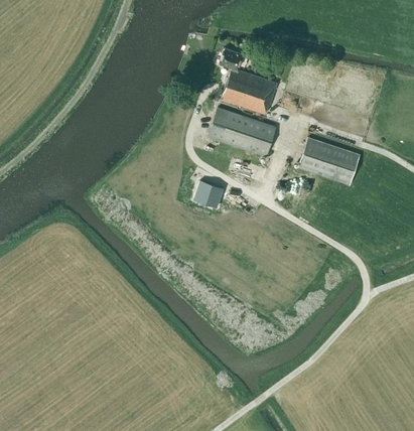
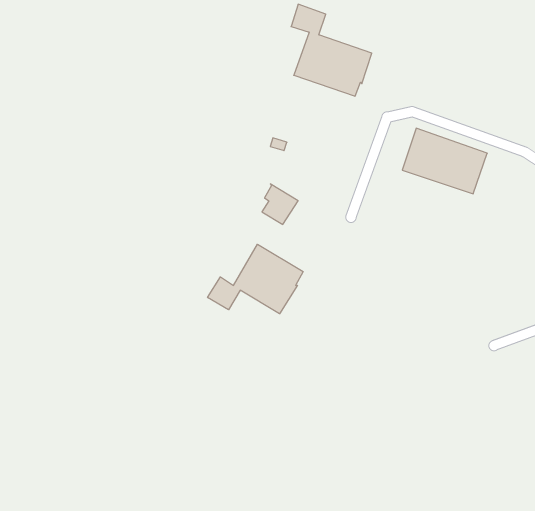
building: [206,107,276,157] -> none
building: none -> [208,244,303,314]

